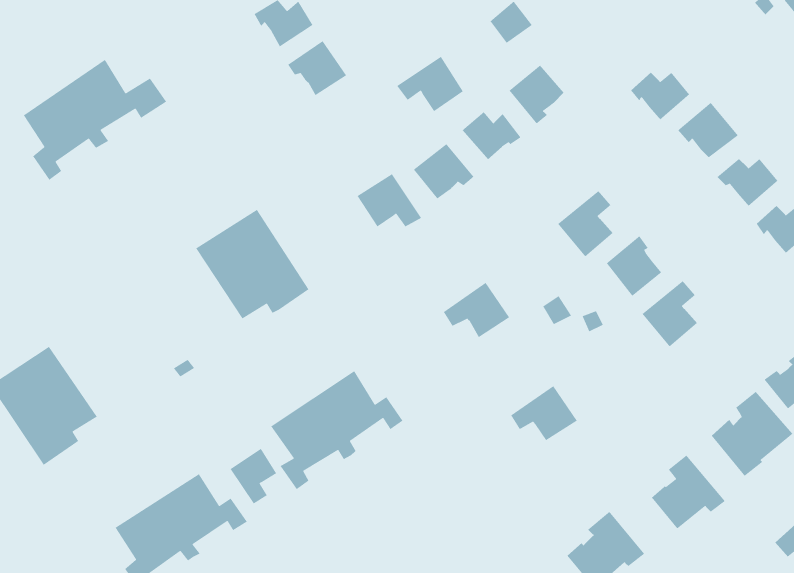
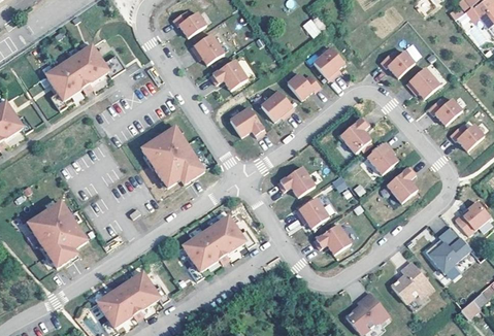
building: [396,56,464,112] -> [210,59,248,90]
building: none -> [296,197,329,228]
building: [229,448,277,504] -> none

